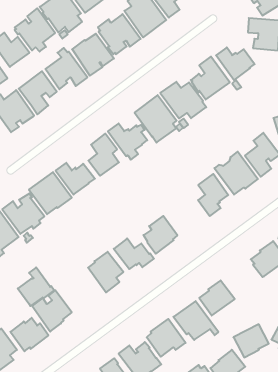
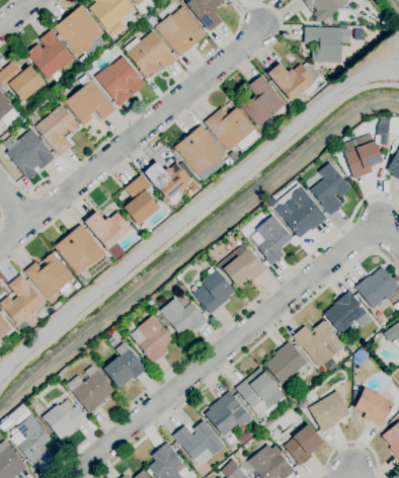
building: none -> [218,243,266,286]
building: none -> [293,320,344,368]
building: [18,267,54,306] -> [103,342,147,389]

